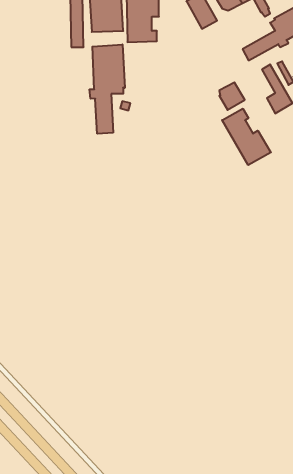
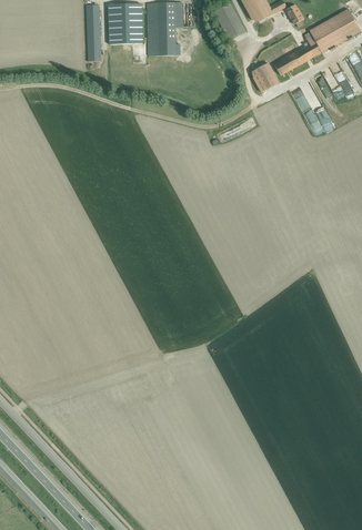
building: [90,44,125,134] -> none
building: [219,82,245,110] -> [252,62,280,92]
building: [222,109,271,165] -> none

